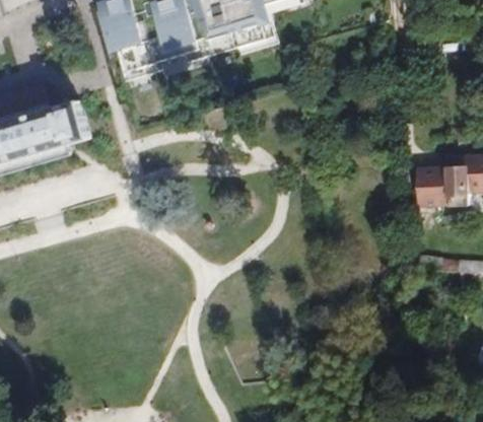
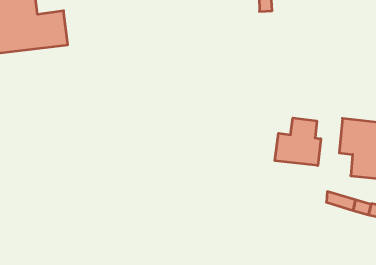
building: none -> [275,118,321,166]

